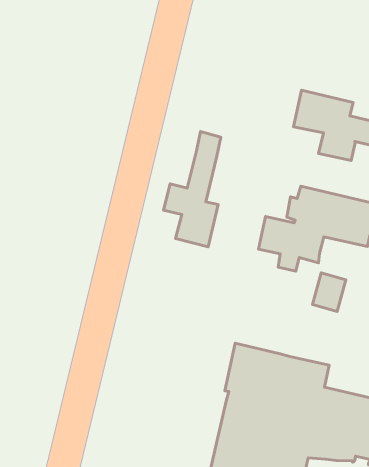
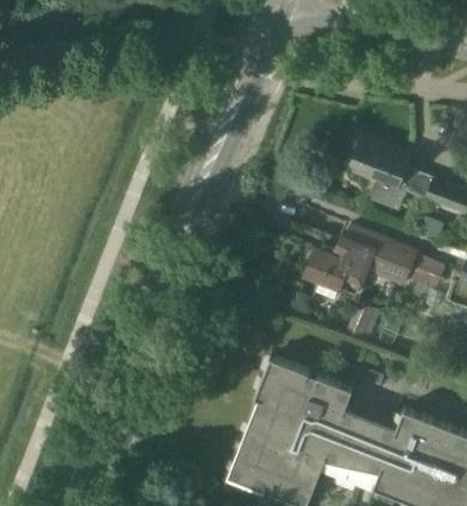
building: [164,132,221,247] -> none

